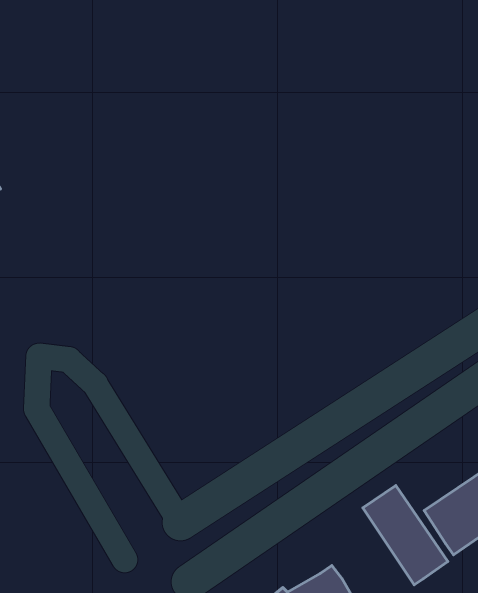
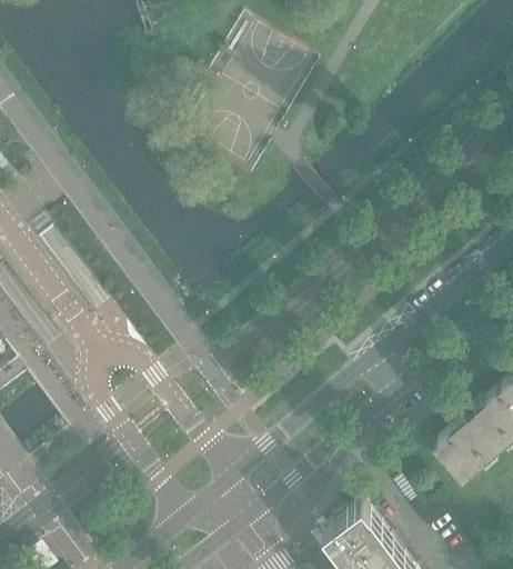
building: [363,485,448,585] -> none

